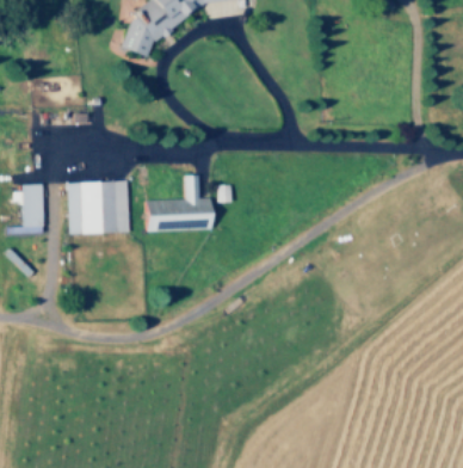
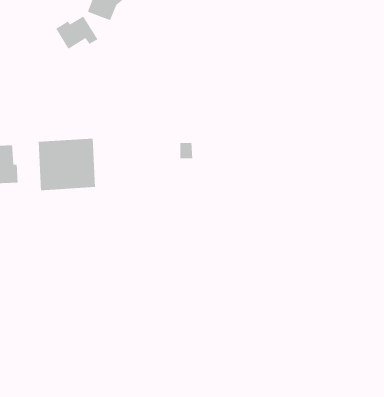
building: none -> [55,15,99,50]
building: [149,173,212,232] -> none

